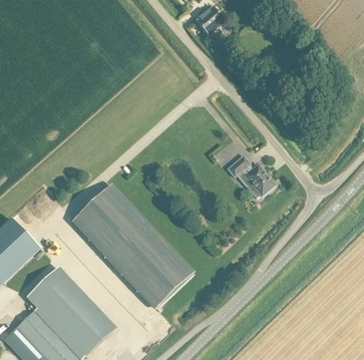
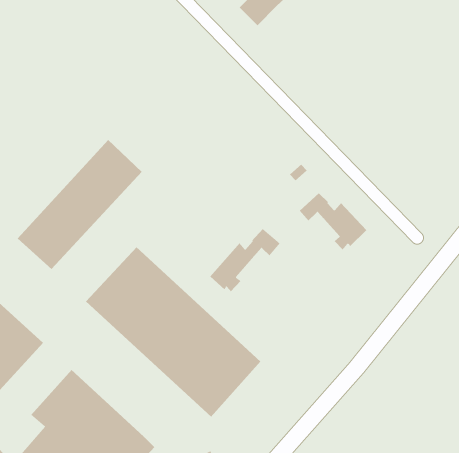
building: none -> [17,139,143,270]
building: none -> [209,228,280,292]

